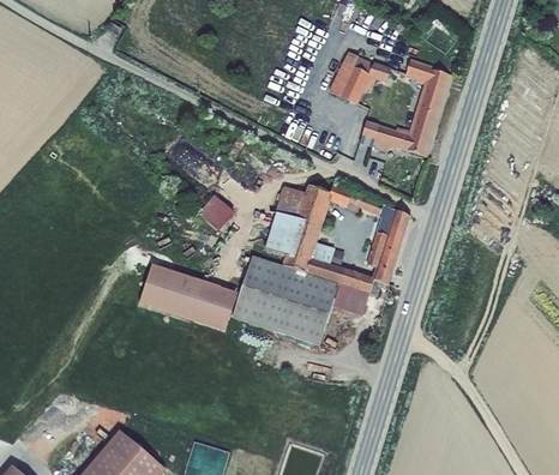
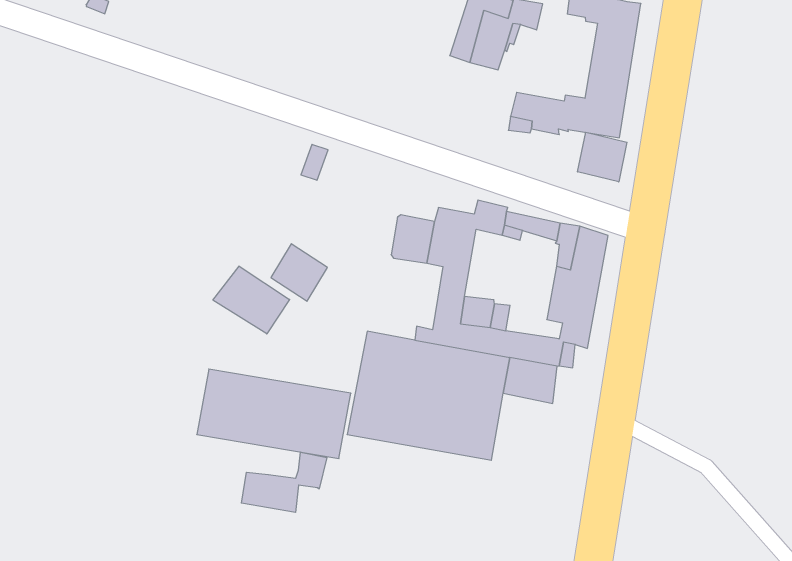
building: none -> [578,132,627,182]
building: none -> [213,266,290,334]
building: [264,212,306,260] -> none
building: none -> [241,452,327,512]

